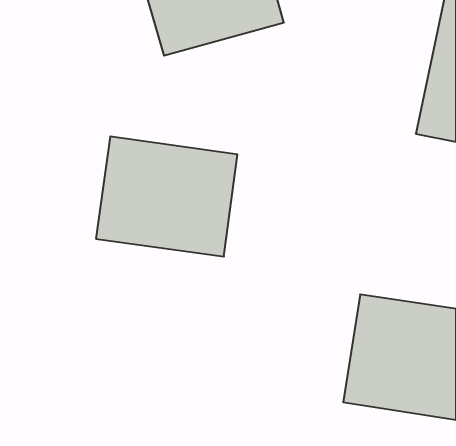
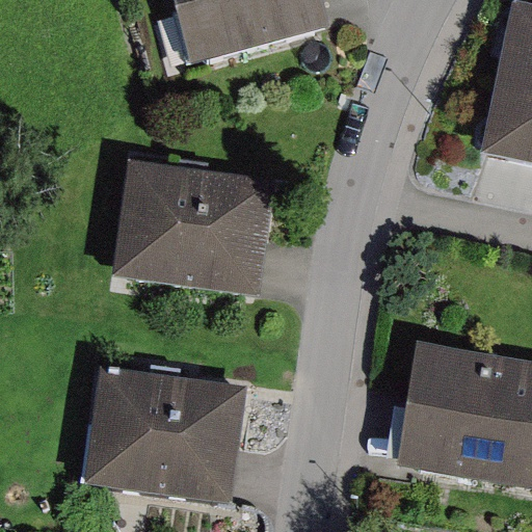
building: none -> [85,366,247,504]

